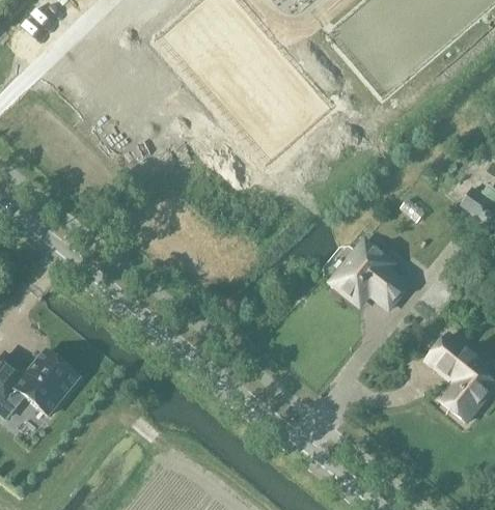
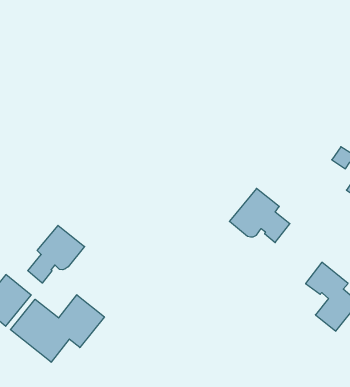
building: none -> [28,225,85,283]
building: none -> [10,295,104,362]

